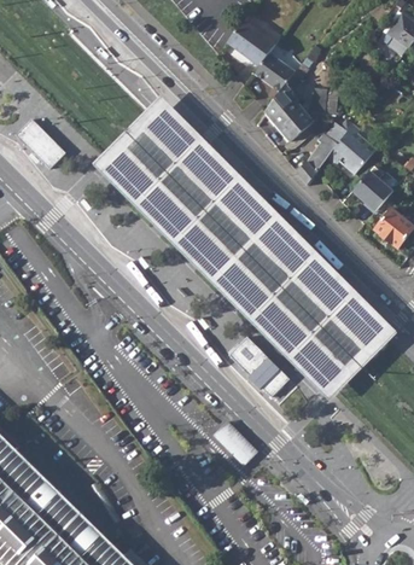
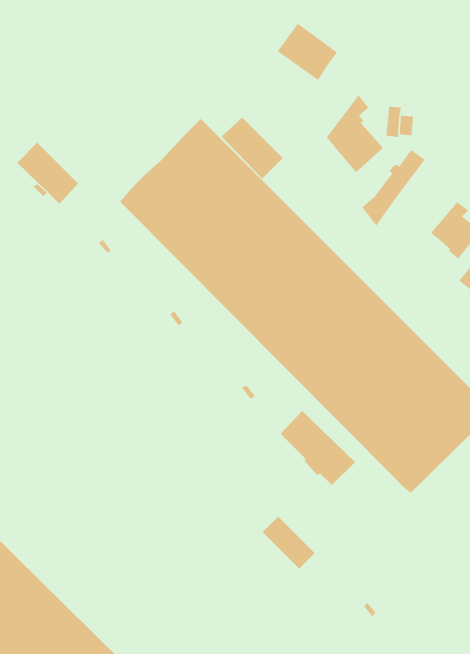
building: [255,54,297,94] -> none
building: none -> [221,117,283,179]
building: [328,124,375,174] -> none

